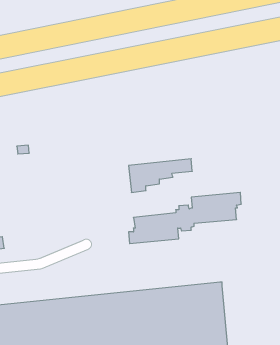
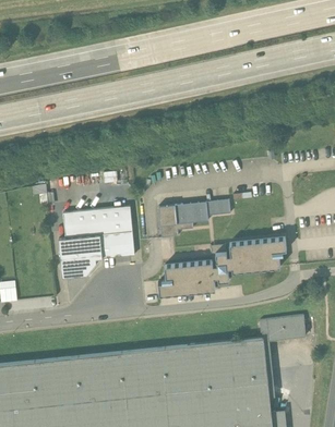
building: none -> [59,206,134,277]
building: none -> [259,316,306,342]

